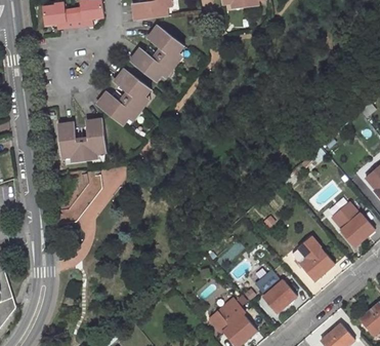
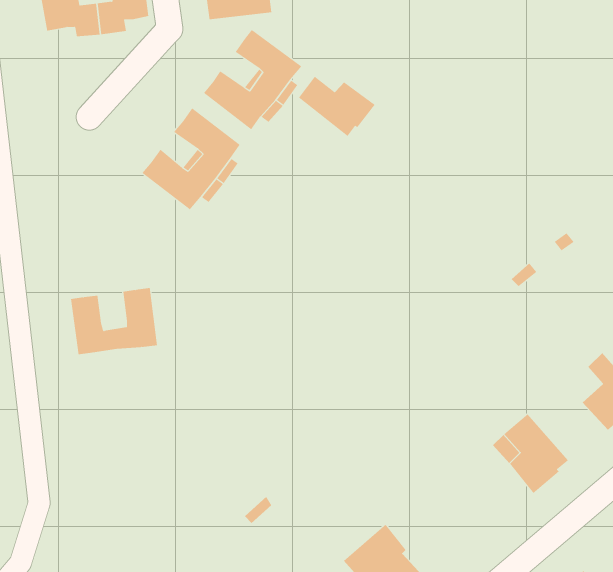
building: none -> [298,76,375,137]
building: [58,120,107,157] -> [70,288,158,355]
building: [261,278,294,312] -> none

